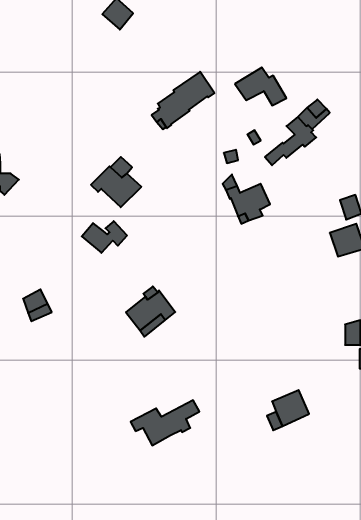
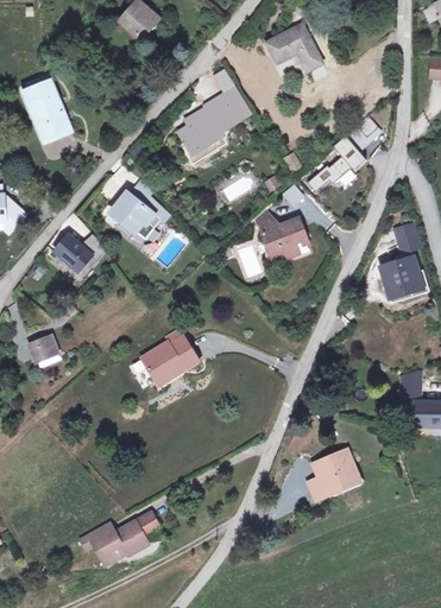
building: none -> [26,76,69,133]
building: [235,67,286,105] -> [262,24,321,68]
building: [82,221,127,253] -> [55,234,107,271]
building: [131,400,199,445] -> [76,513,156,565]

